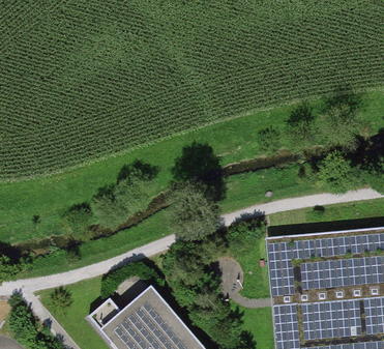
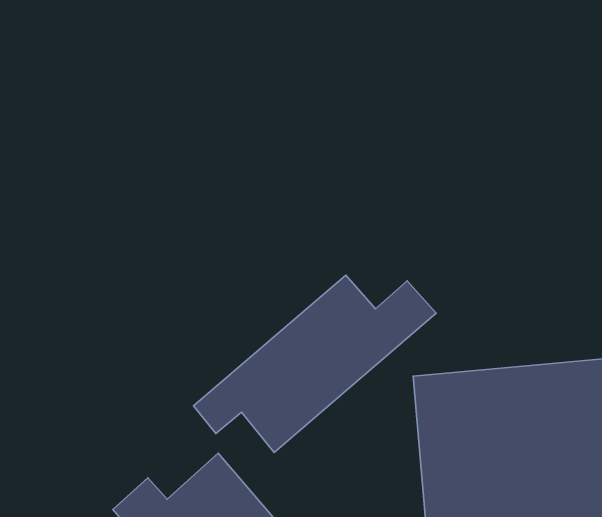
building: none -> [193,275,436,453]

